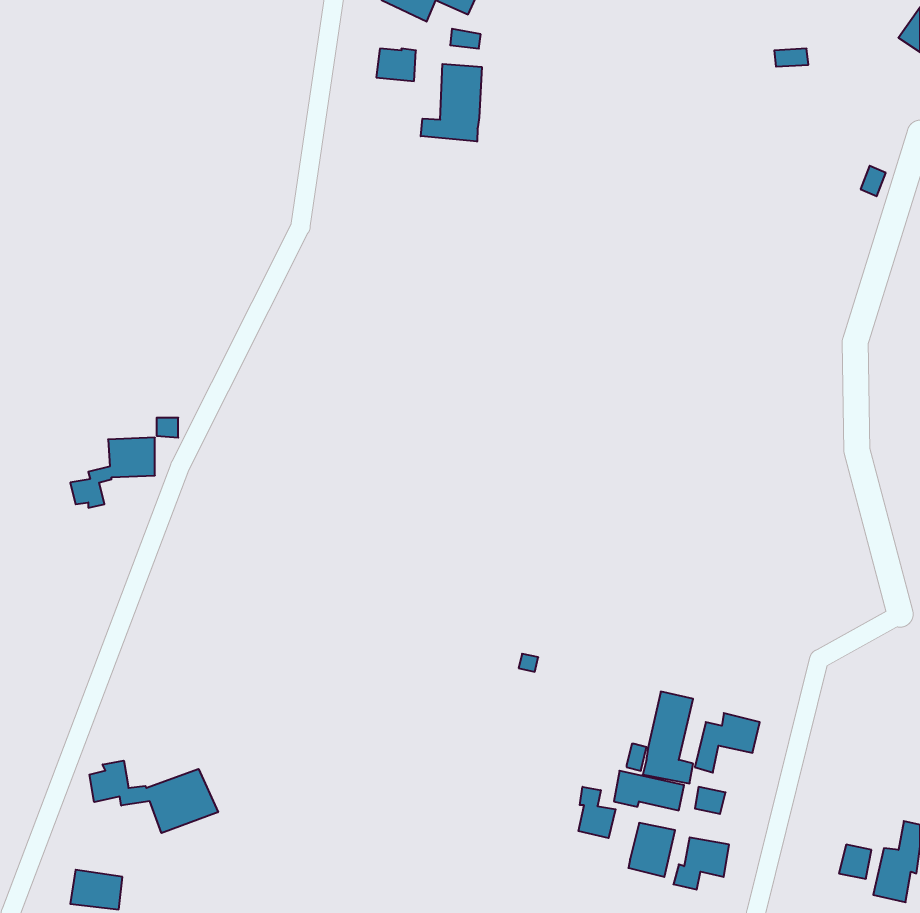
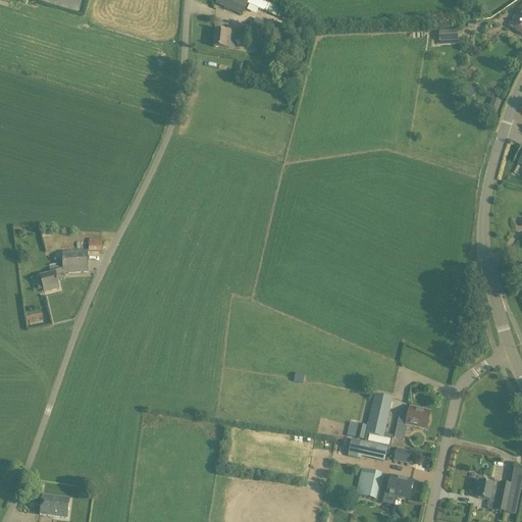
building: [421,64,482,142] -> none
building: [89,761,218,833] -> none
building: [578,787,616,838] -> none

